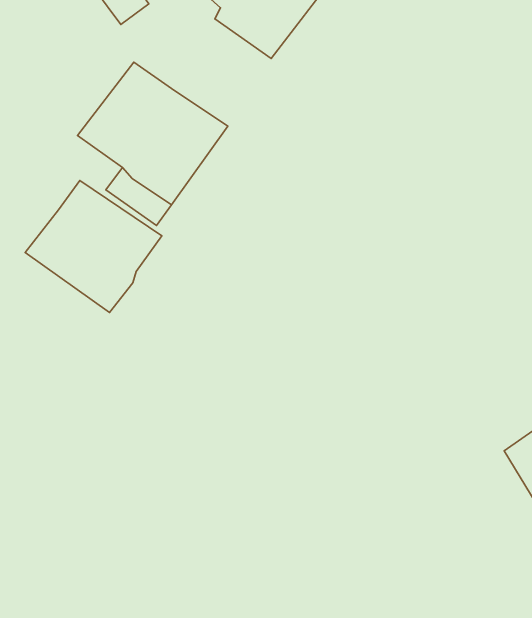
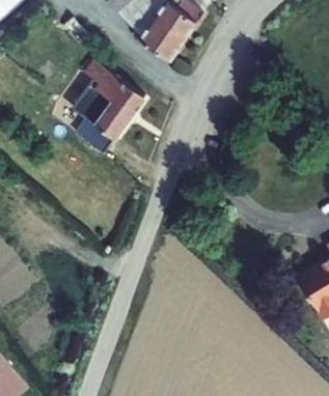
building: [25,181,162,313] -> none

